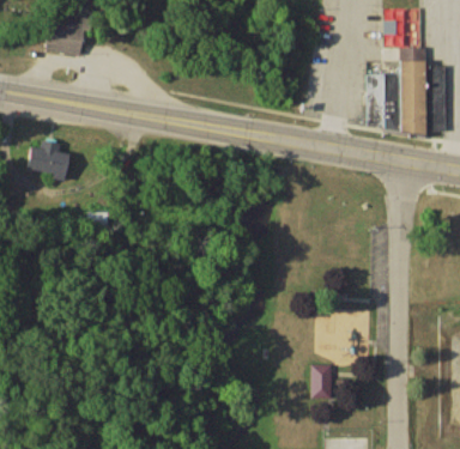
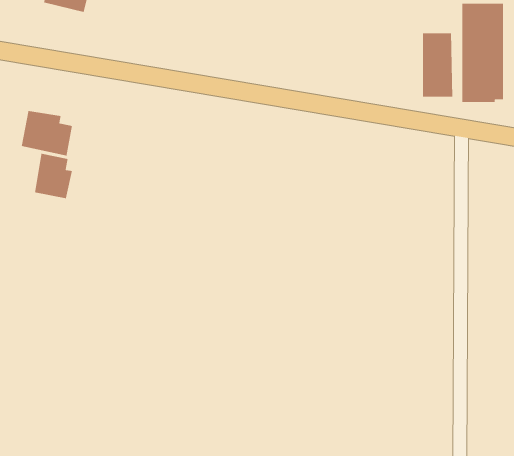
building: none -> [34,153,73,199]
building: [311,364,333,399] -> none

